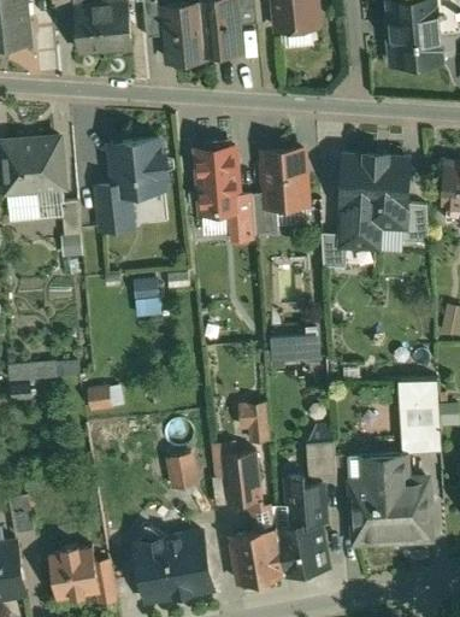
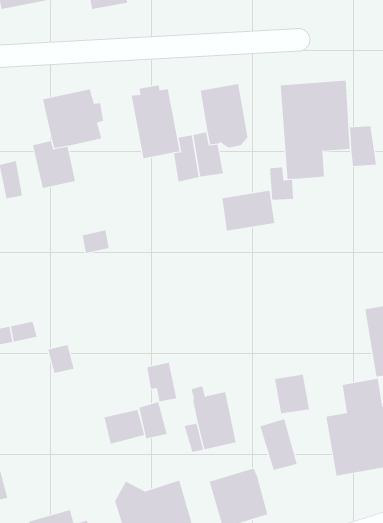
building: [271,334,320,369] -> [221,190,275,231]
building: [243,402,270,440] -> [146,362,177,402]
building: none -> [104,409,145,444]
building: [278,525,329,572] -> none

